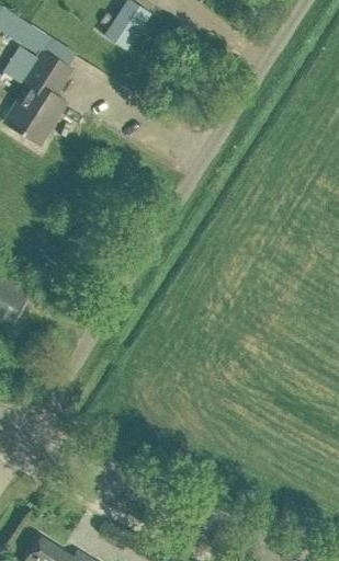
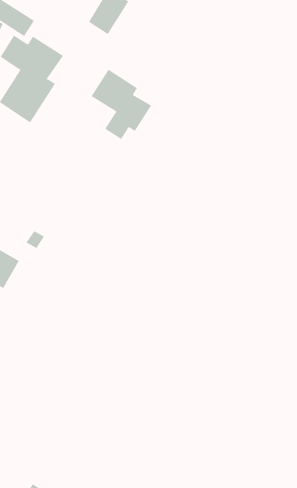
building: none -> [91,69,152,140]

